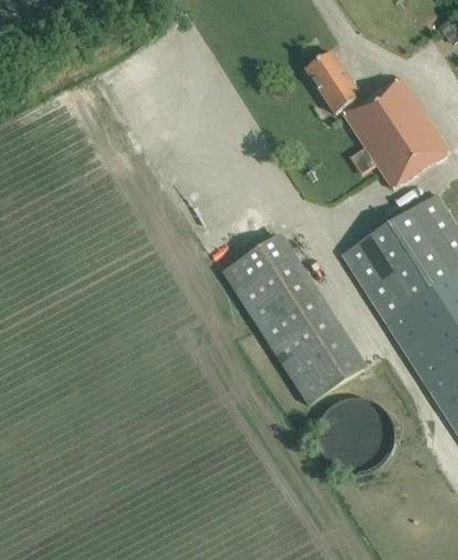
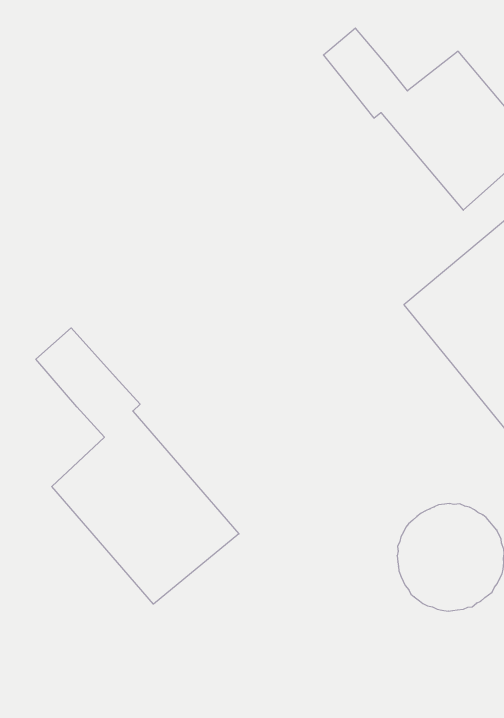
building: [223,236,365,405] -> none
building: none -> [36,328,239,604]

